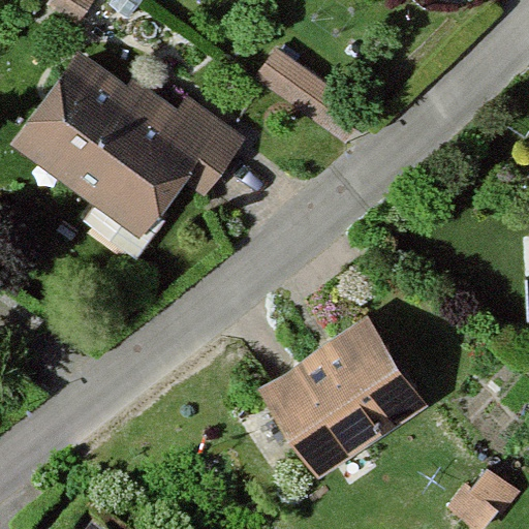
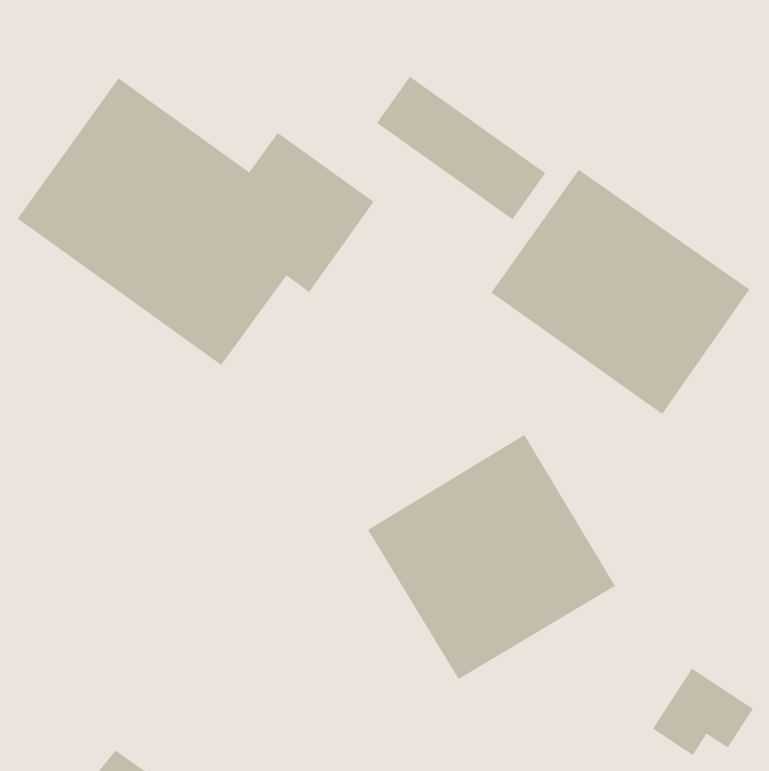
building: none -> [491,169,750,415]

